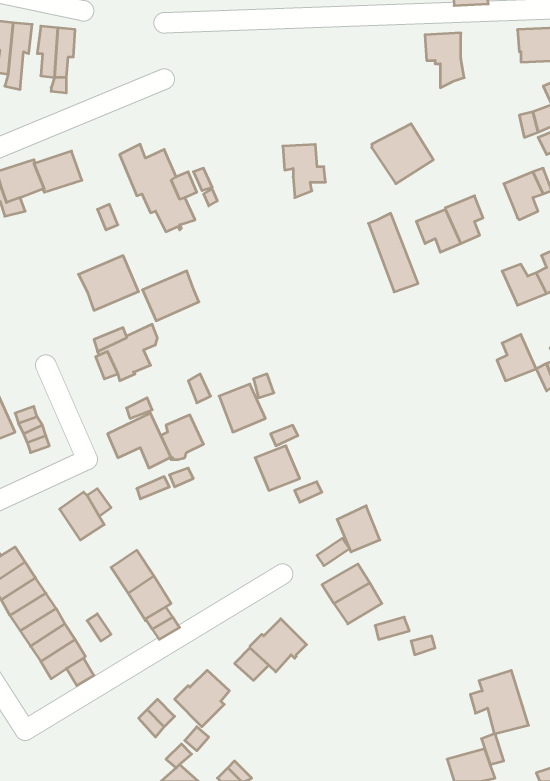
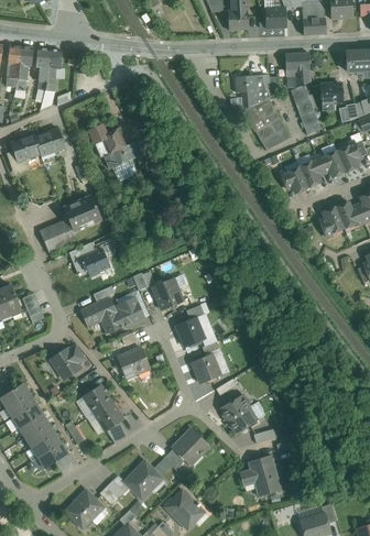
building: none -> [320,84,341,110]
building: [283,144,326,198] -> [235,76,262,110]
building: none -> [317,150,345,177]
building: [368,213,418,292] -> [290,84,322,134]
building: [142,271,199,321] -> [40,219,76,251]
building: [497,334,536,381] -> [319,206,345,236]
building: none -> [118,347,150,378]
building: [337,506,380,552] -> [193,353,220,383]
building: [470,670,529,734] -> [243,455,281,495]
building: none -> [165,490,202,528]
building: none -> [65,491,101,528]

